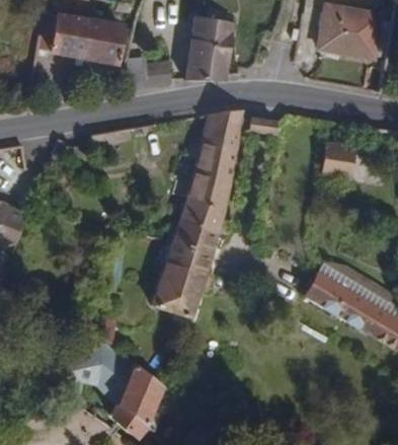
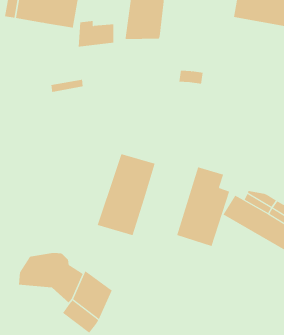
building: [179,109,246,231] -> none
building: [323,142,356,172] -> none
building: none -> [176,166,230,247]

